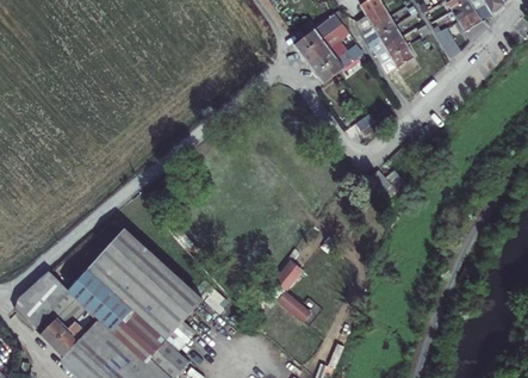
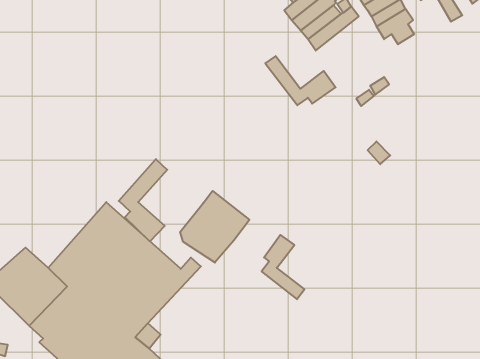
building: none -> [265,56,336,105]
building: none -> [119,159,167,241]
building: none -> [180,191,249,263]

